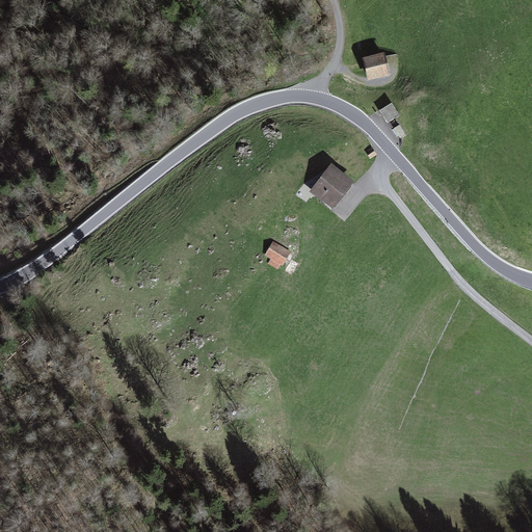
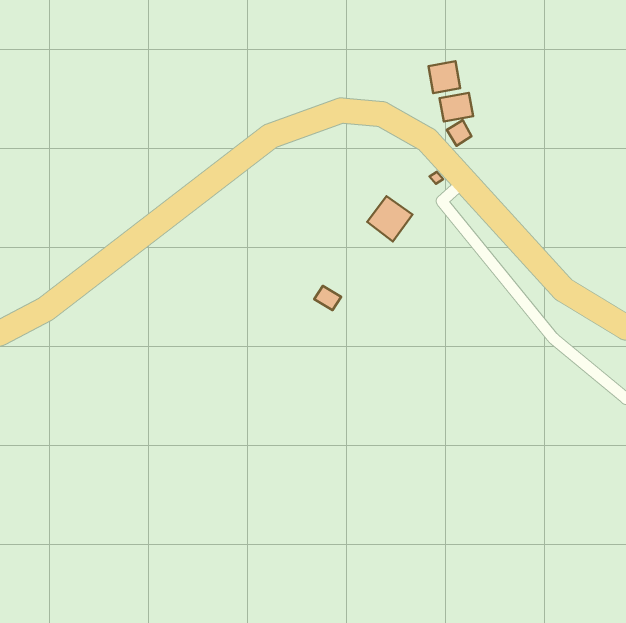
building: none -> [440,93,473,121]

